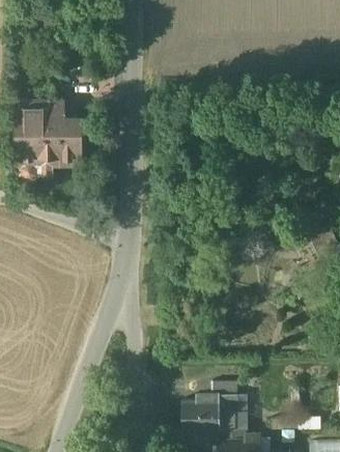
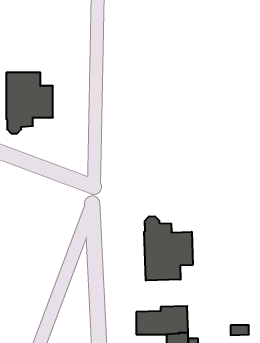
building: none -> [144,216,193,281]

